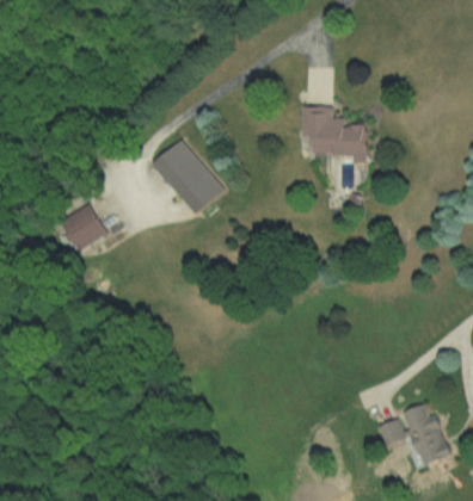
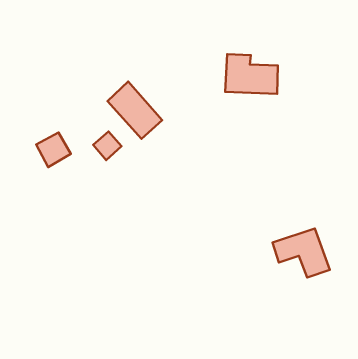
building: none -> [93,132,122,160]
building: [377,404,450,466] -> [272,229,330,277]

